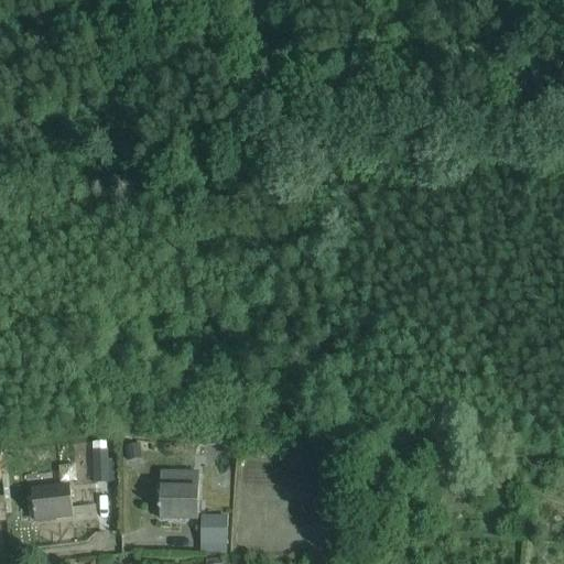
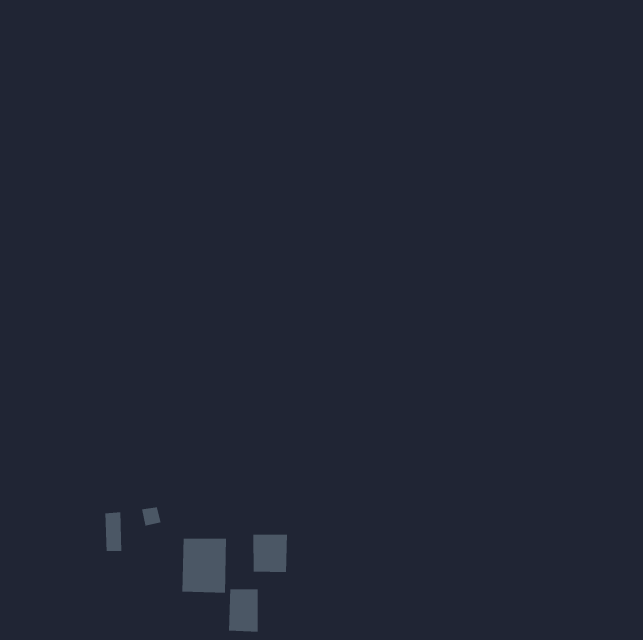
building: none -> [252,534,288,573]
building: [30,482,72,520] -> none

